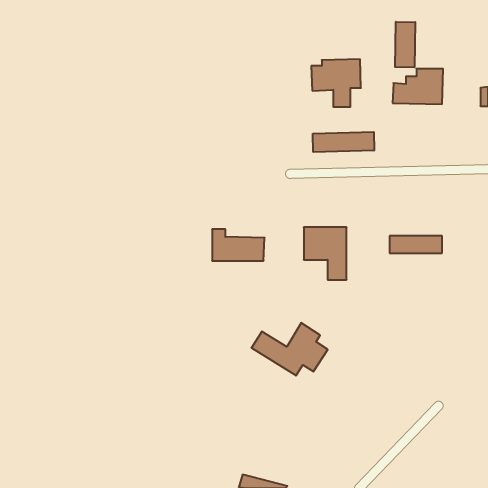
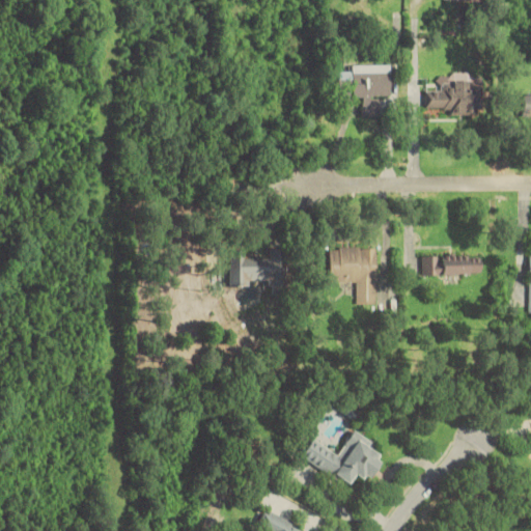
building: [395,22,415,67] -> none
building: [313,132,374,152] -> none
building: [251,323,328,375] -> [301,429,384,486]

